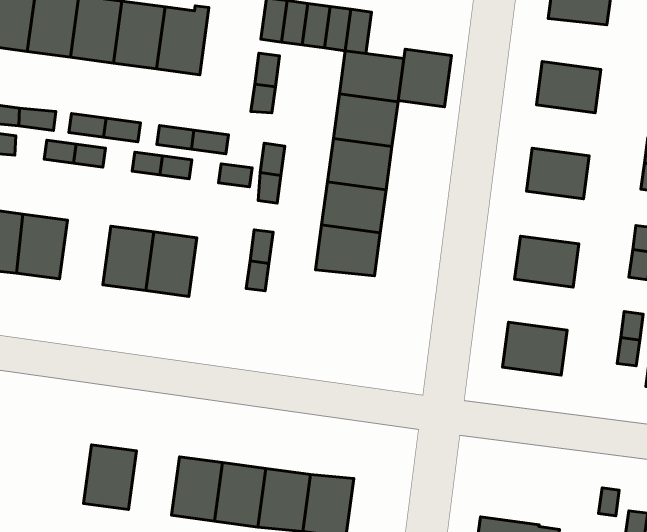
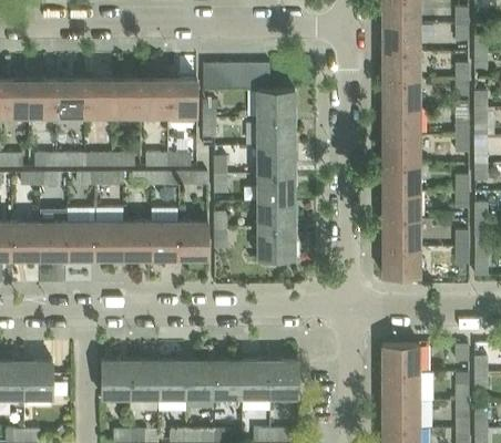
building: none -> [167,75,196,119]
building: none -> [382,52,420,81]
building: [398,49,452,107] -> none
building: none -> [382,109,420,136]
building: none -> [384,164,421,193]
building: none -> [96,221,124,259]
building: none -> [180,221,208,259]
building: none -> [257,230,295,259]
building: none -> [384,220,421,248]
building: none -> [103,361,131,399]
building: none -> [160,361,187,399]
building: none -> [382,344,420,373]

